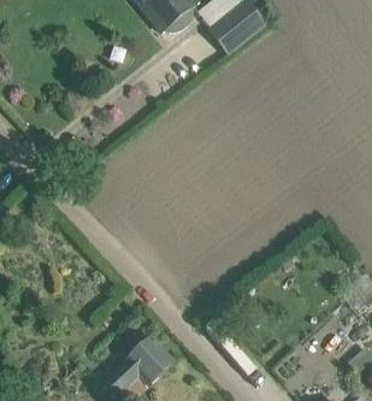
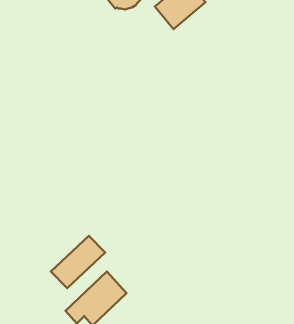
building: none -> [51,236,105,288]

